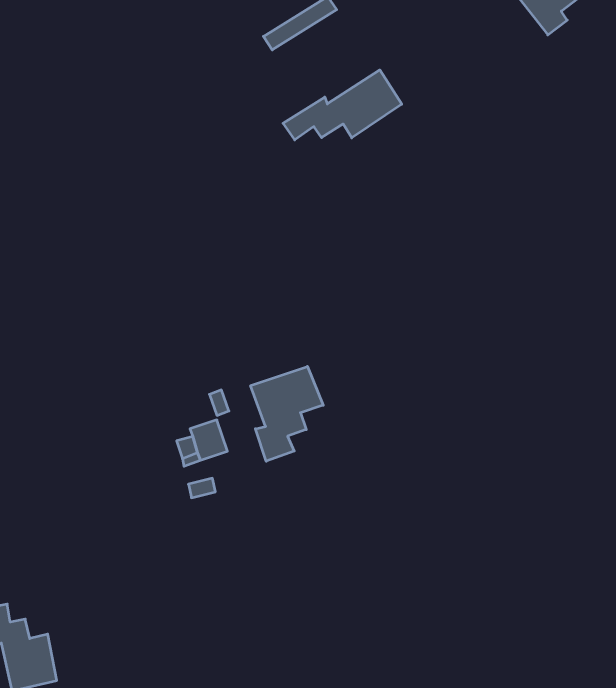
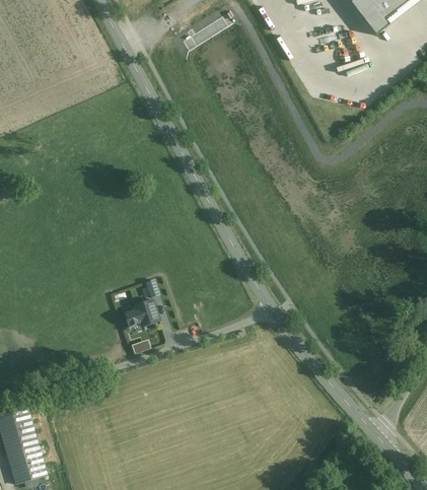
building: [283,70,402,140] -> none
building: [251,366,323,461] -> none

